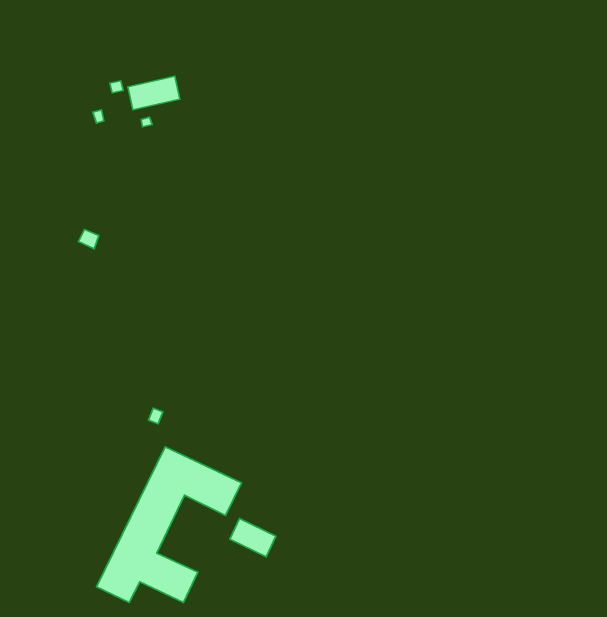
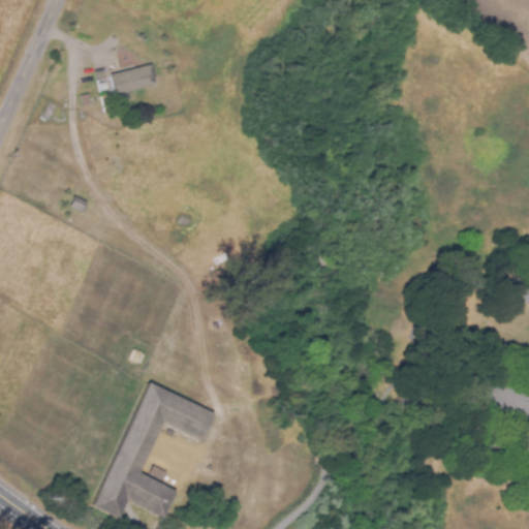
building: [230,518,276,557] -> none

